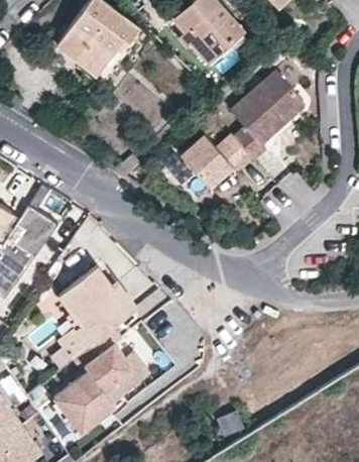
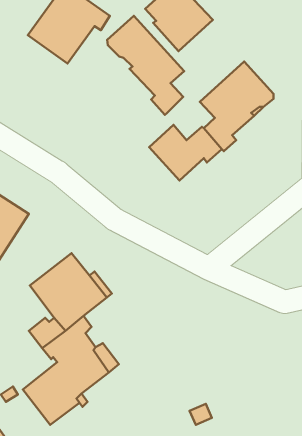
building: none -> [107,16,184,115]

